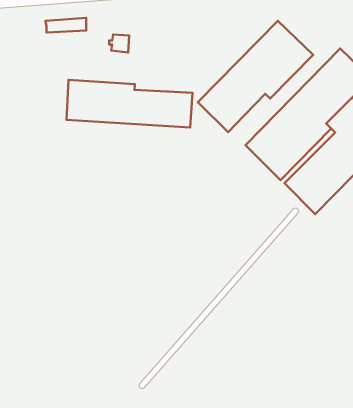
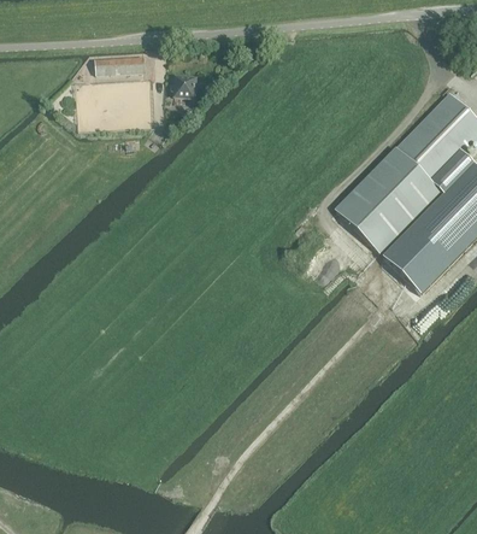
building: [198,21,313,132] -> none
building: [66,80,193,128] -> none

